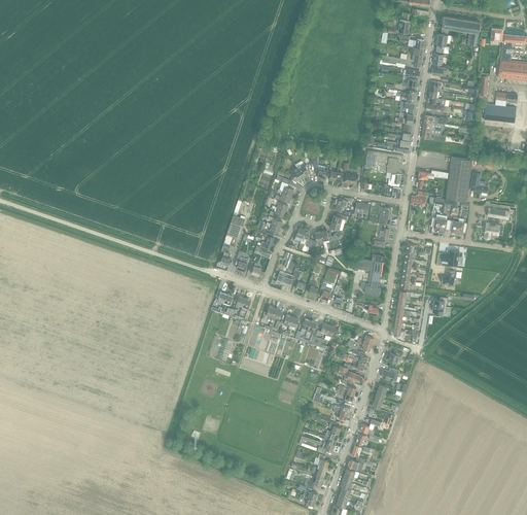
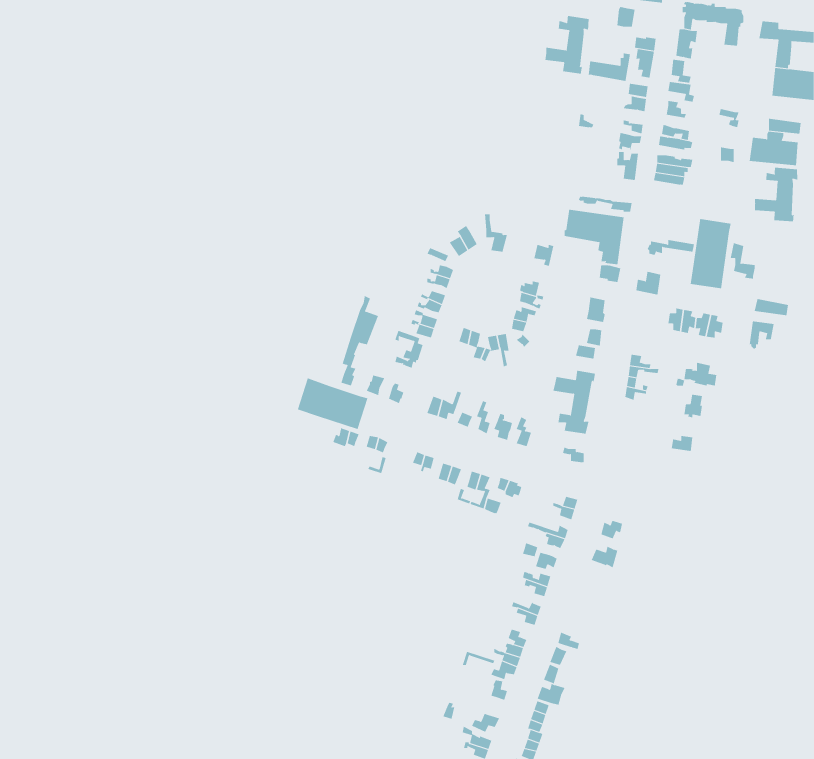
building: none -> [545,15,589,74]
building: none -> [754,167,798,222]
building: none -> [297,378,368,430]

